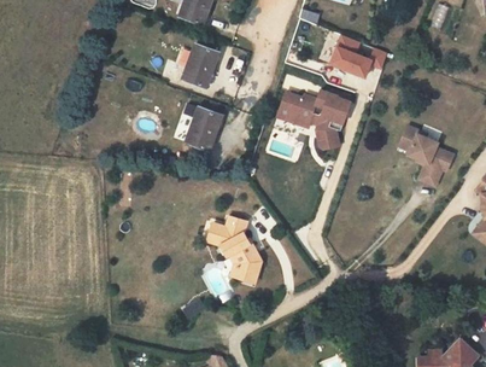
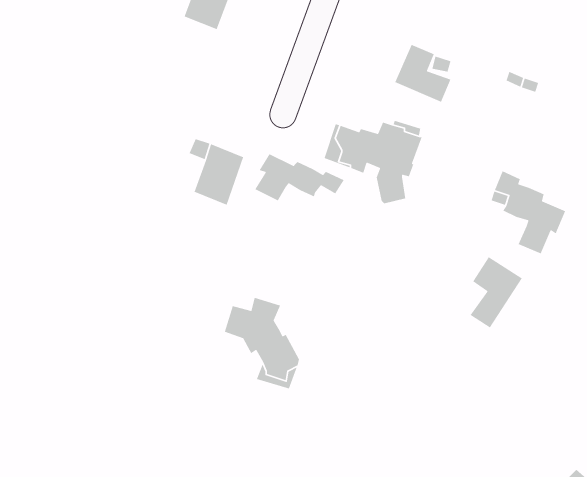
building: [181,43,218,87] -> none
building: none -> [254,153,345,202]
building: none -> [469,256,523,329]

